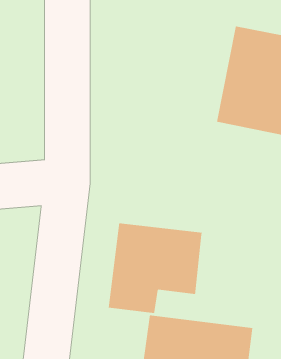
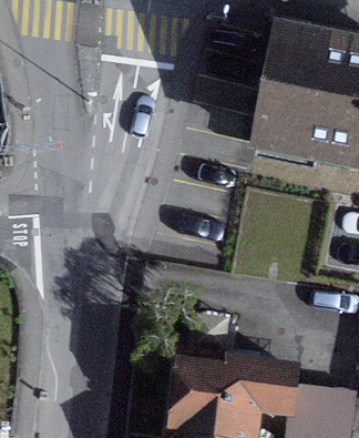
building: [108,223,203,314] -> none

